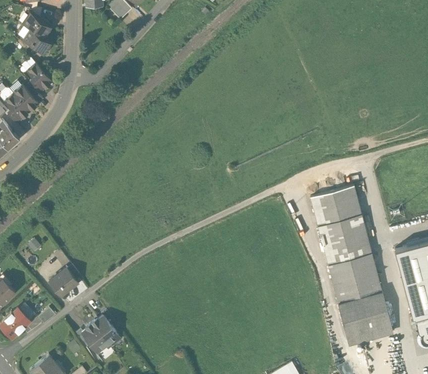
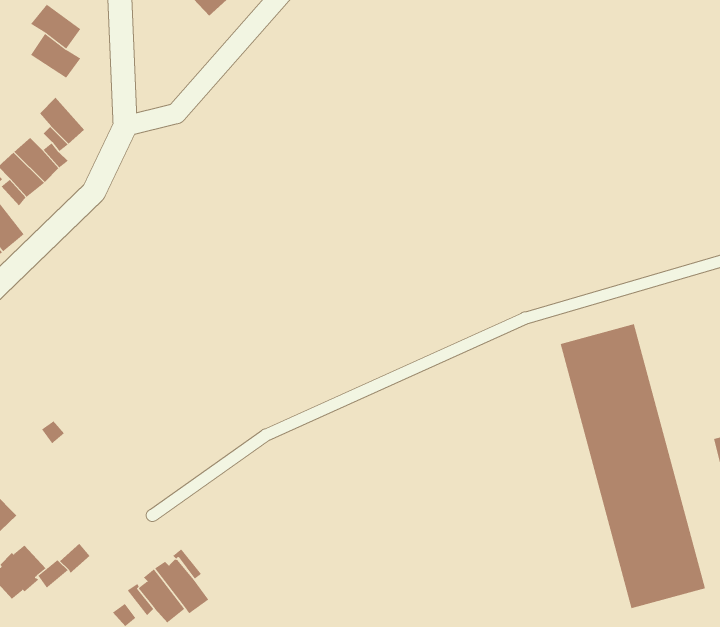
building: [49,268,78,297] -> none

